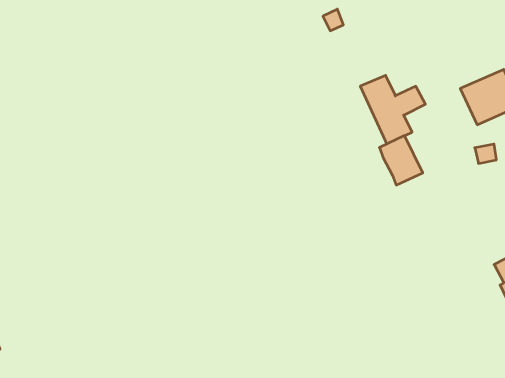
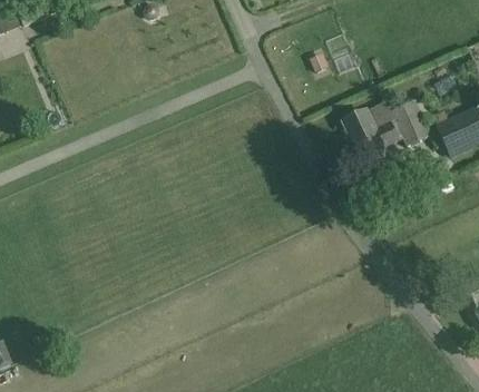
building: [379,136,423,185] -> [391,100,431,146]

